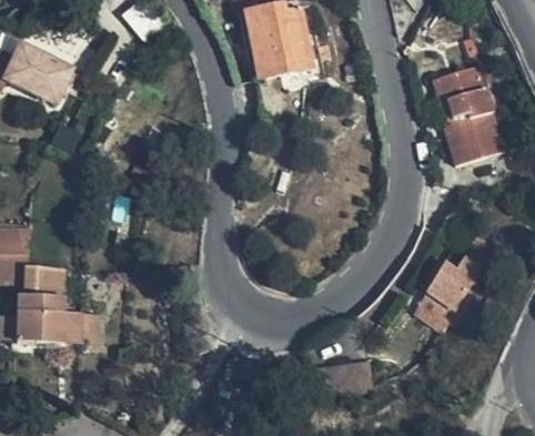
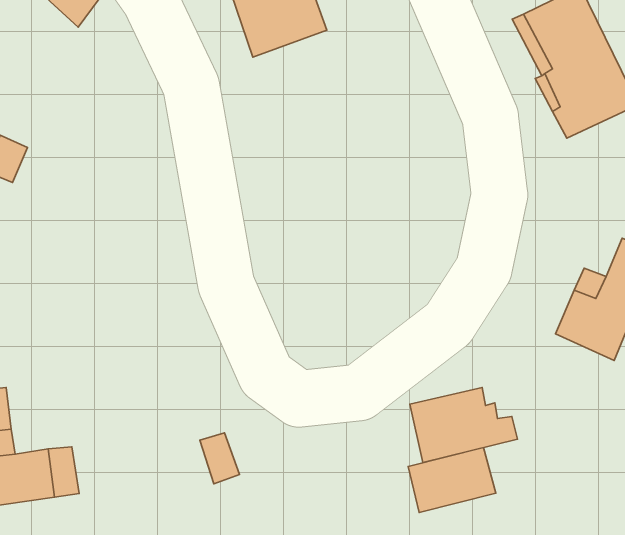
building: [415,288,465,332] -> none
building: none -> [410,388,517,463]

